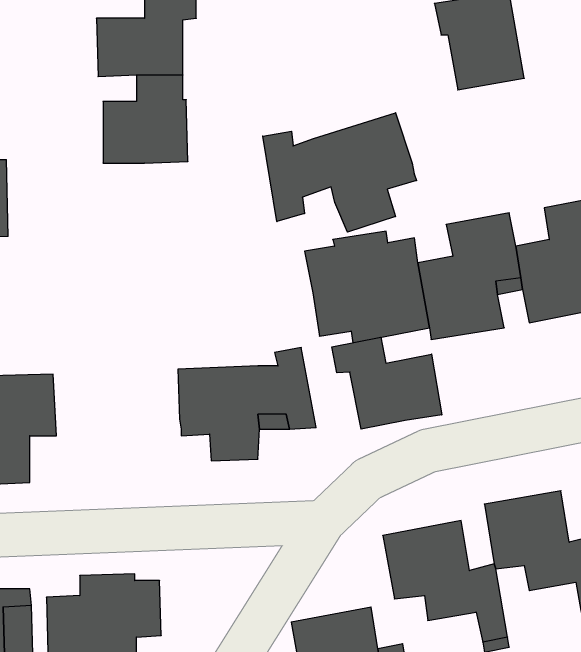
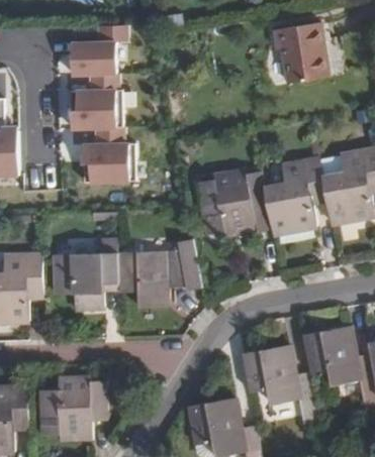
building: [263,113,417,232] -> none
building: none -> [85,126,137,181]
building: [332,337,442,429] -> none
building: none -> [52,240,119,310]

